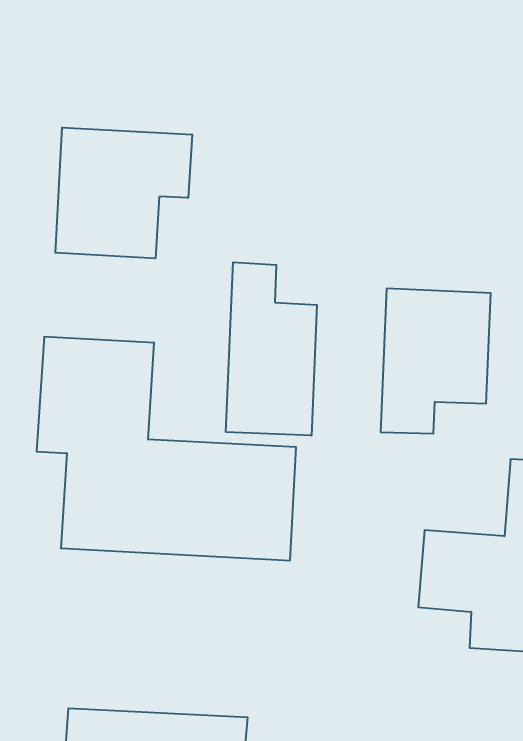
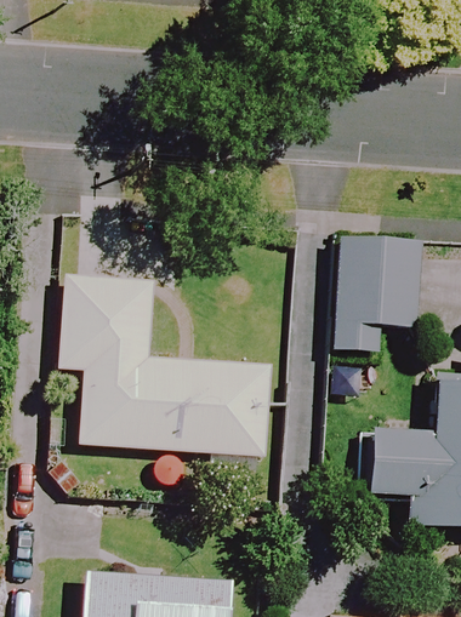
building: [56,127,192,258] -> none
building: [226,262,317,436] -> none

